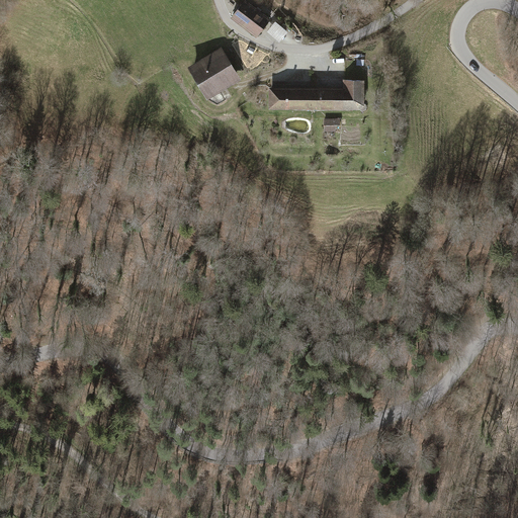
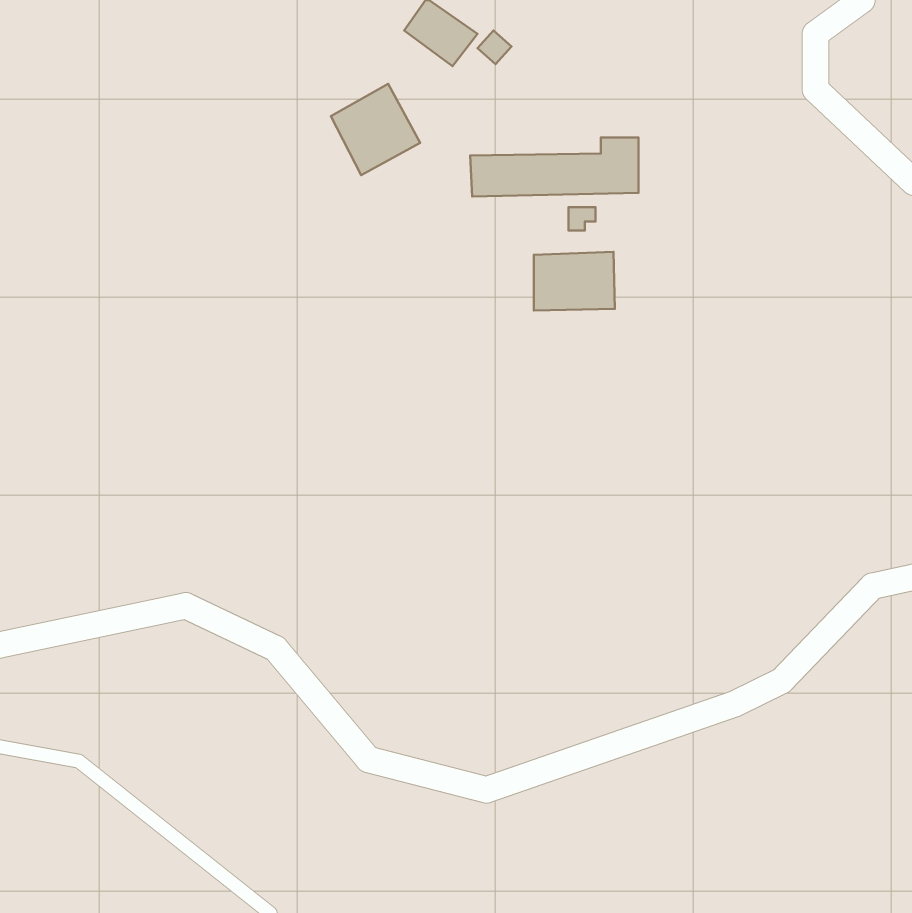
building: none -> [534,252,615,311]

